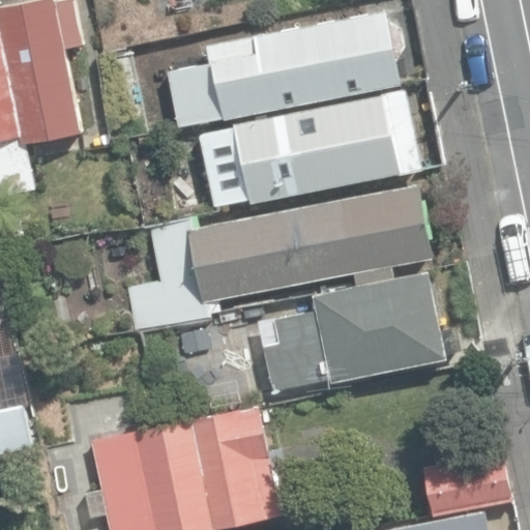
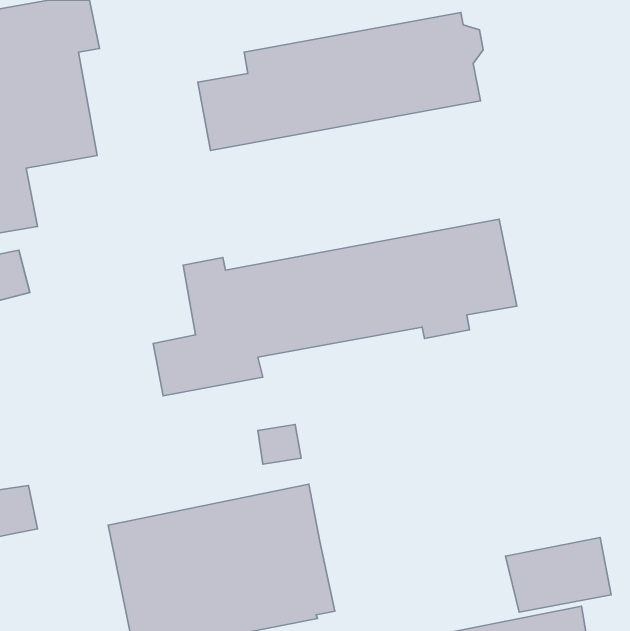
building: [199,92,419,208] -> none
building: [261,272,459,387] -> none

